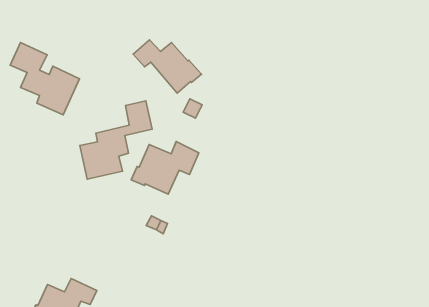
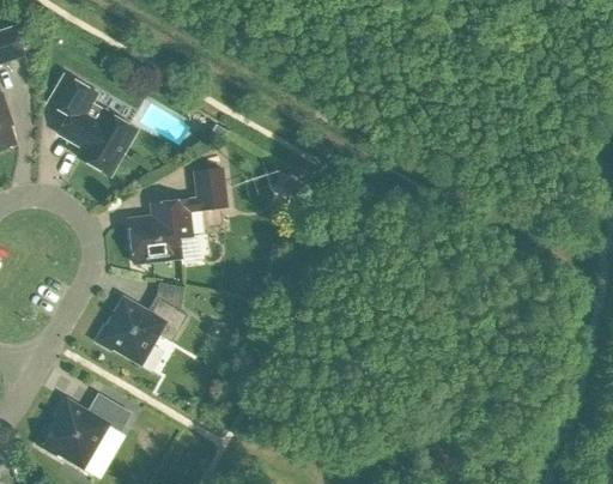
building: [133,40,201,93] -> none
building: [131,142,199,194] -> [95,296,188,364]

